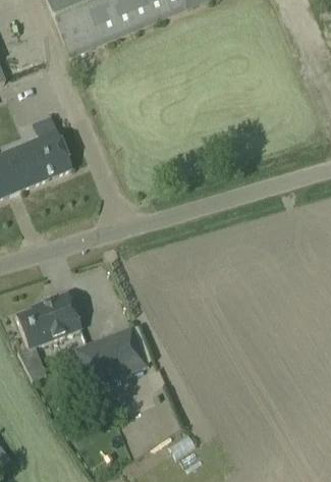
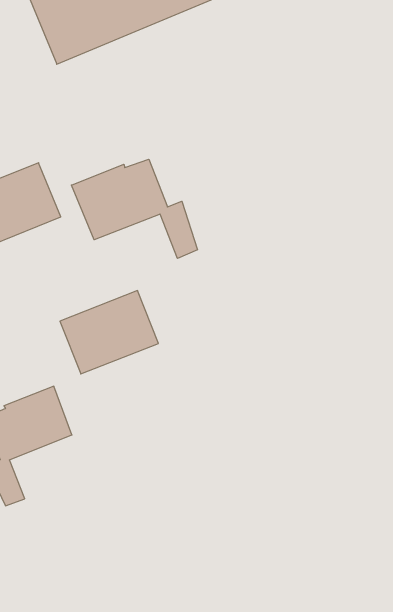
building: none -> [71,159,197,258]
building: [74,327,147,388] -> [60,291,158,374]

